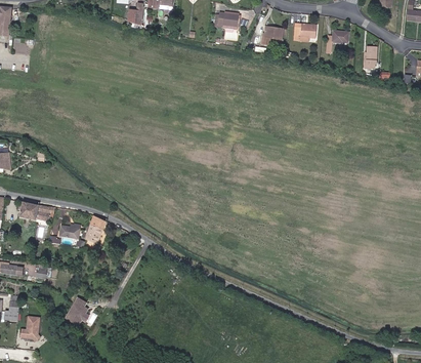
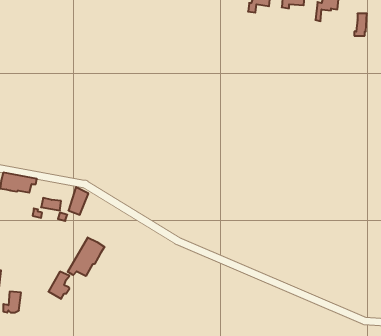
building: none -> [68,237,104,276]

